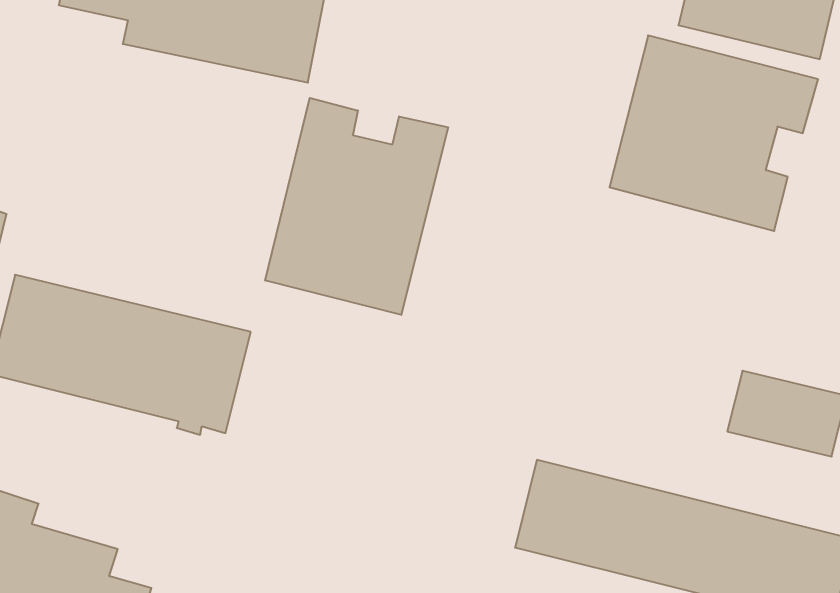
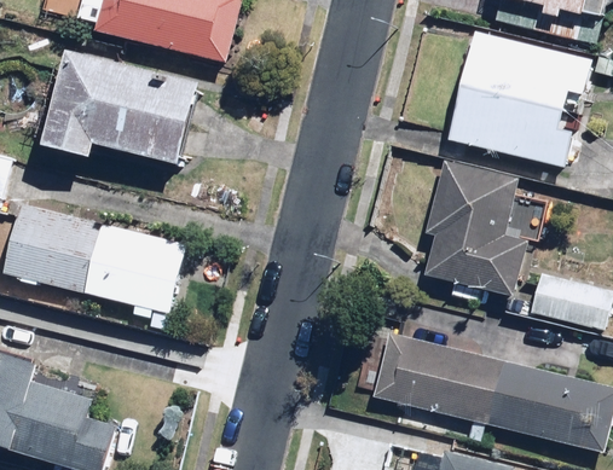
building: none -> [36,51,199,169]
building: [265,98,448,315] -> none
building: none -> [421,157,528,295]

